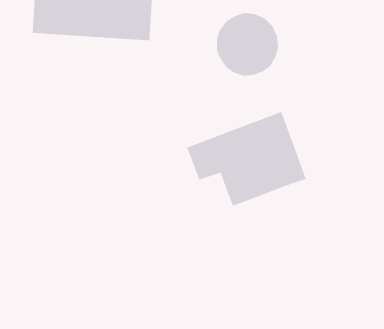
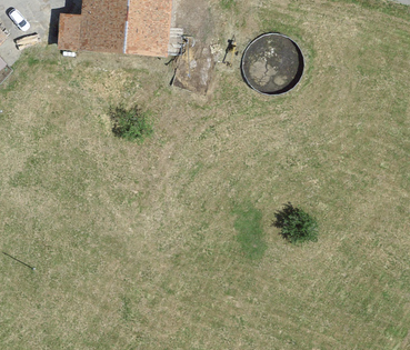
building: [187,111,306,207] -> none

